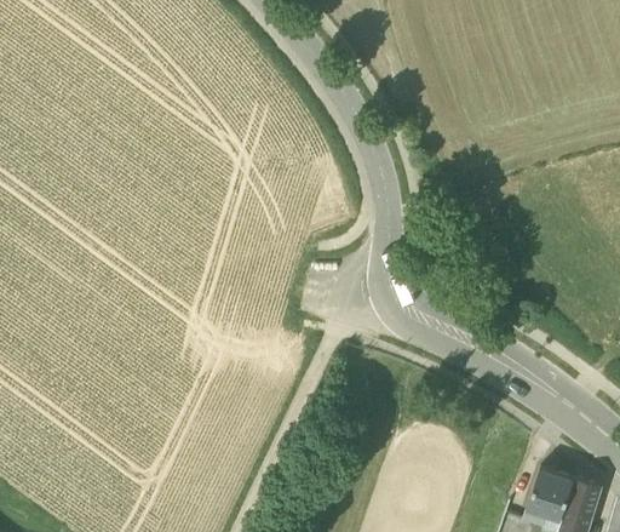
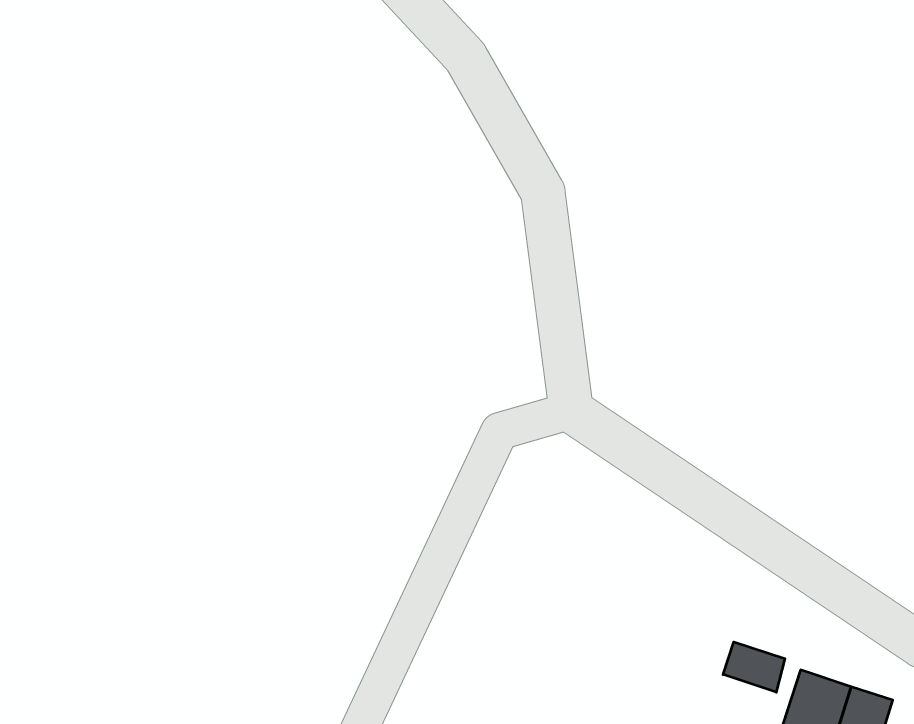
building: none -> [723,642,785,692]

